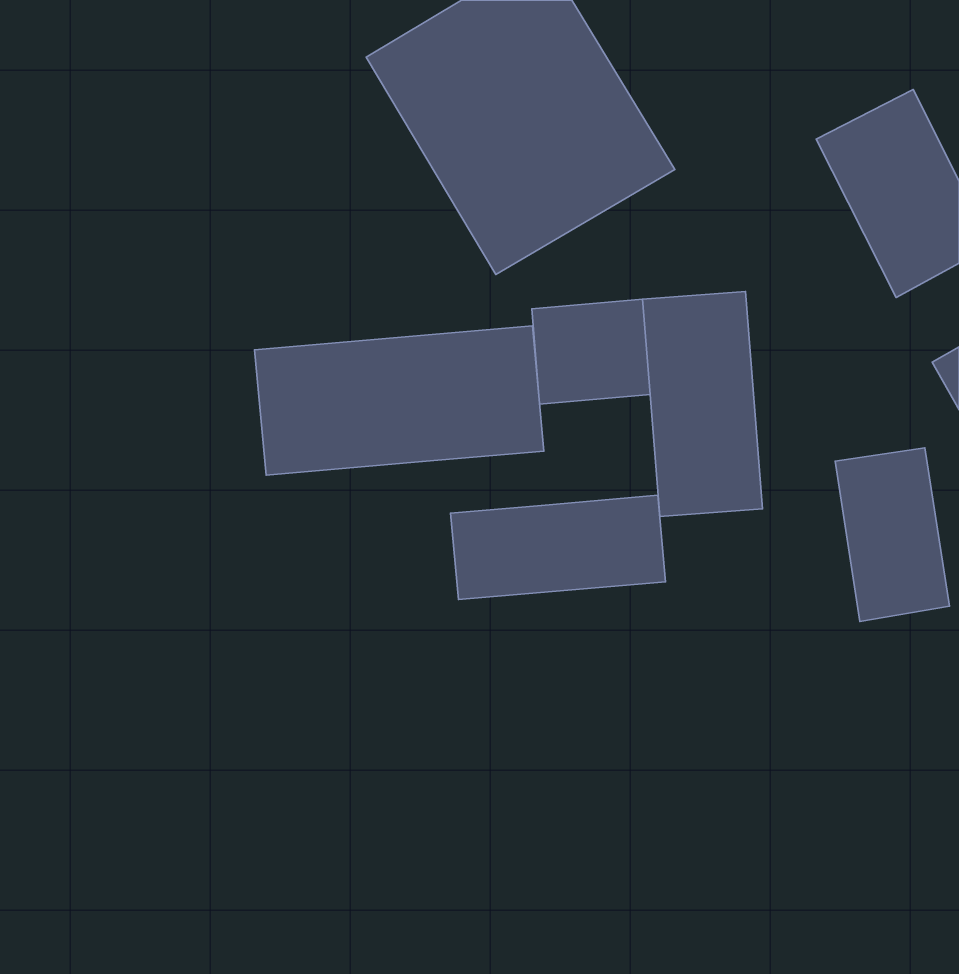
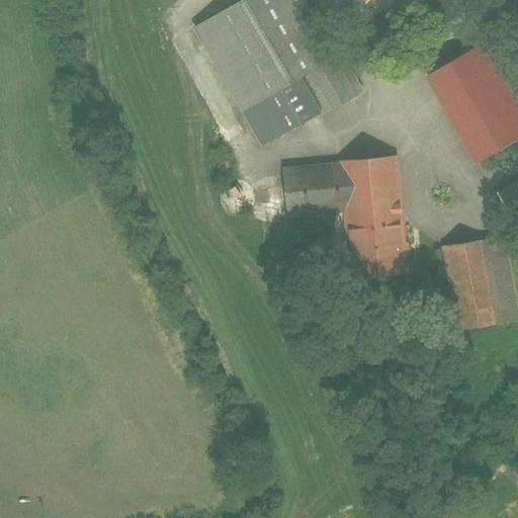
building: [255,326,544,475] -> none
building: [450,495,666,600] -> none

